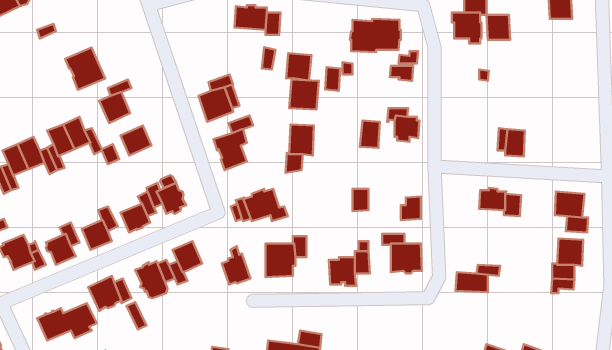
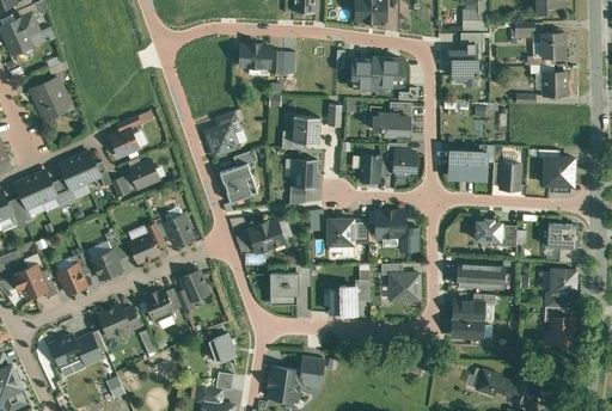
building: [486,15,510,40] -> [543,72,565,96]
building: [65,48,105,90] -> [32,78,71,118]
building: [286,53,311,80] -> none
building: none -> [372,114,409,136]
building: none -> [448,151,485,179]
building: none -> [544,157,574,185]
building: none -> [375,210,404,237]
building: none -> [328,217,353,245]
building: none -> [458,265,501,288]
building: [222,246,250,285] -> [208,325,235,362]
building: none -> [550,317,573,344]
building: none -> [451,319,483,338]

